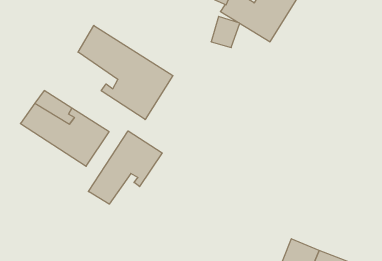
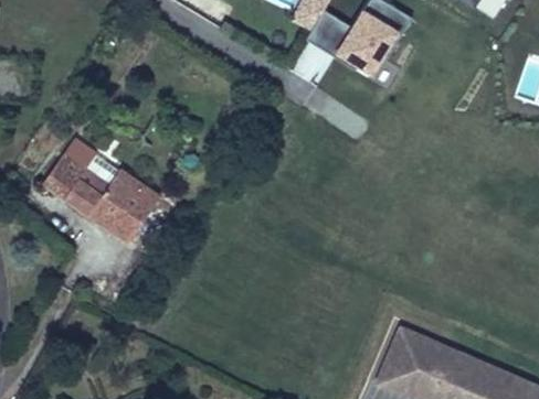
building: [78,25,173,120] -> none
building: [88,131,162,204] -> none

